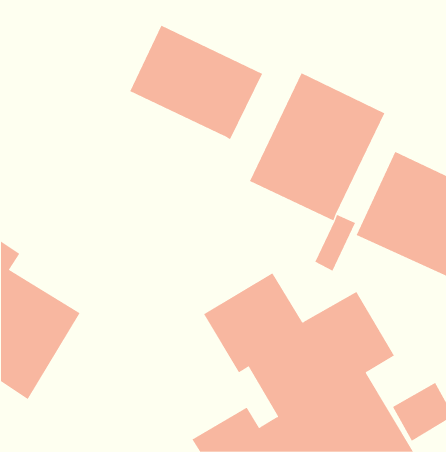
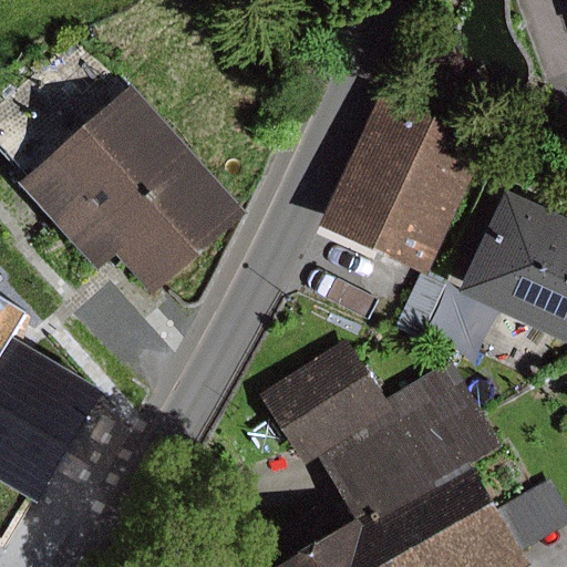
building: [130,25,263,140] -> none
building: none -> [18,85,243,296]

